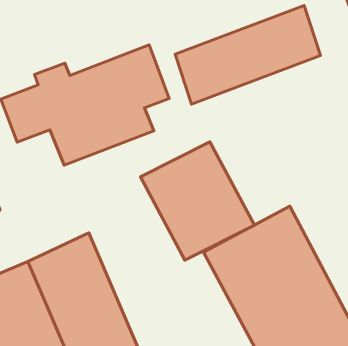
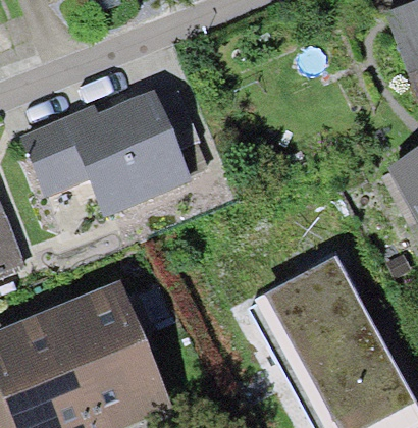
building: [175,5,320,104] -> none
building: [140,142,254,260] -> none

